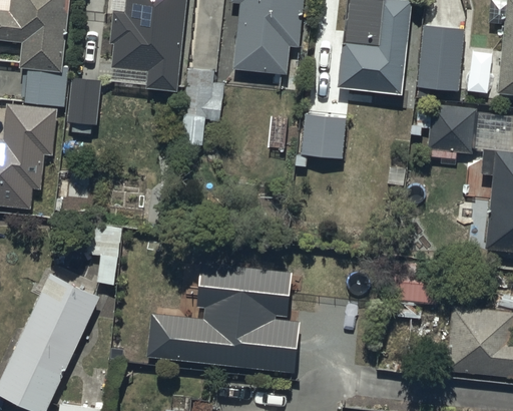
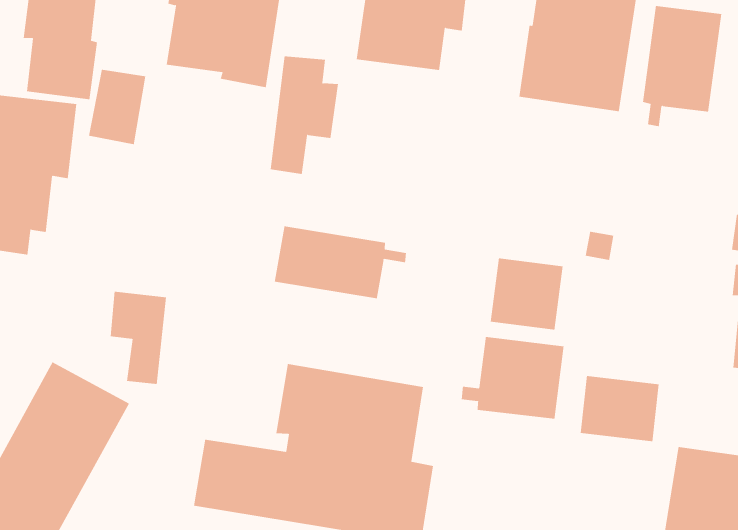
building: [428,107,476,160] -> none
building: [301,114,346,158] -> [490,258,564,330]
building: none -> [274,225,407,299]
building: none -> [461,336,564,420]

